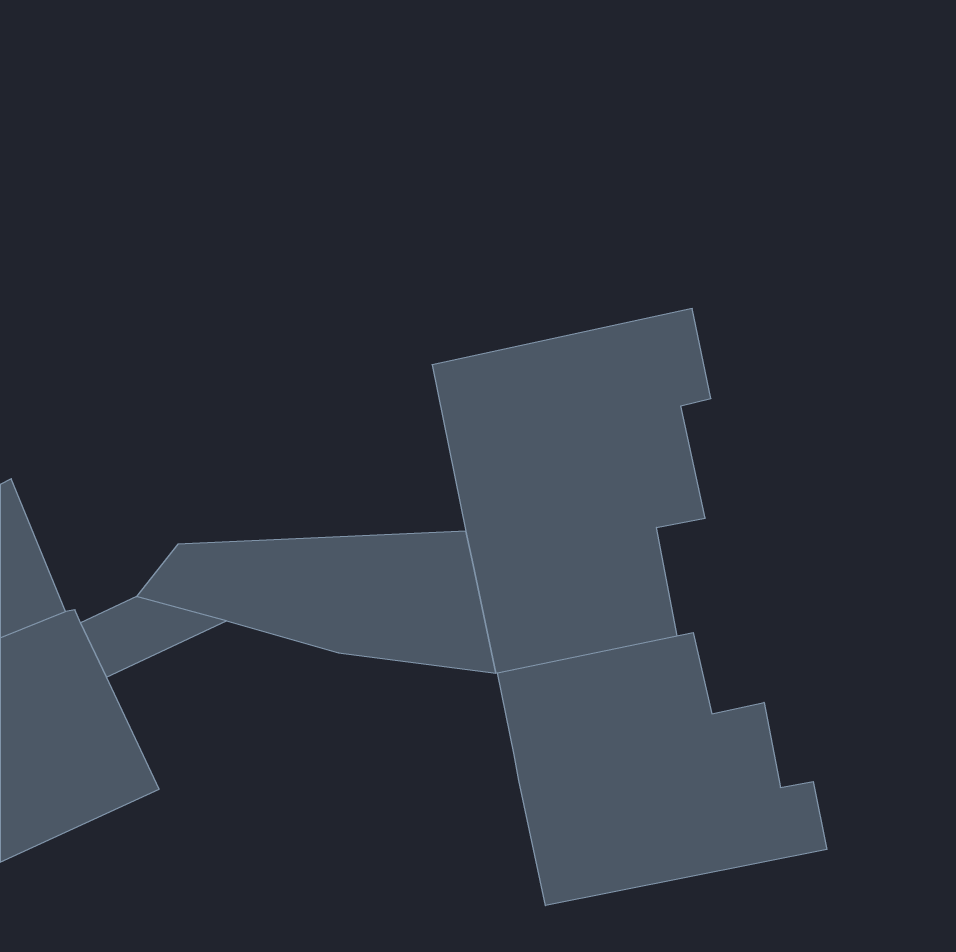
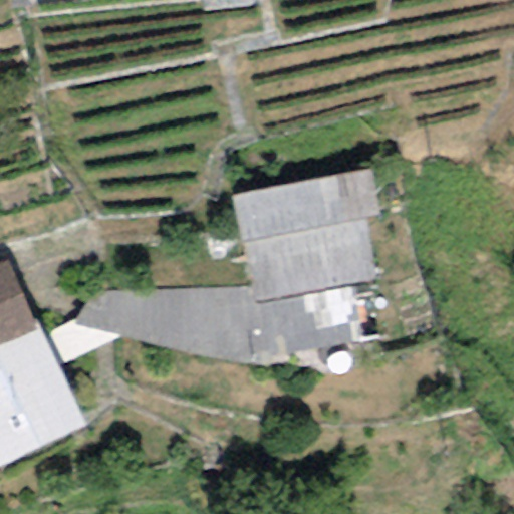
building: [497,633,827,906] -> none

